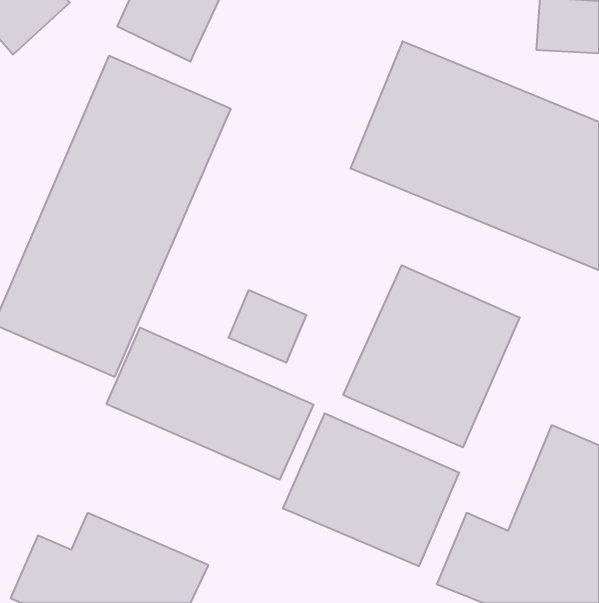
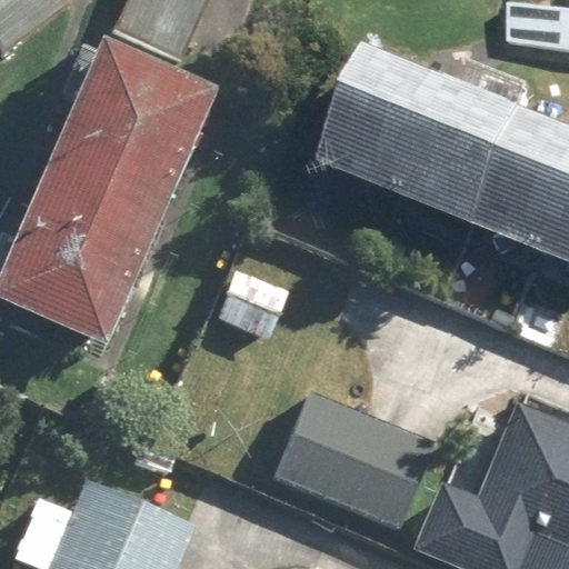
building: [343,265,520,447] -> none
building: [107,327,313,480] -> none

